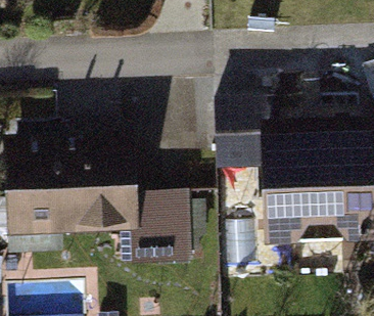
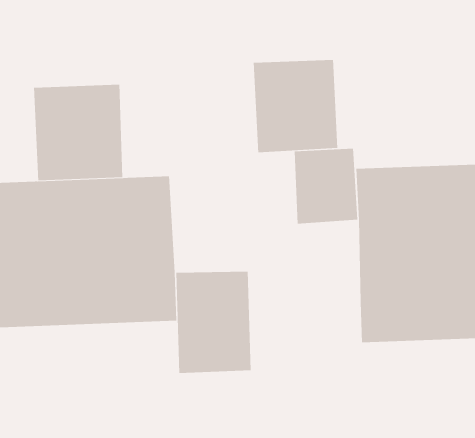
building: none -> [253,59,338,153]
building: none -> [33,84,123,181]

